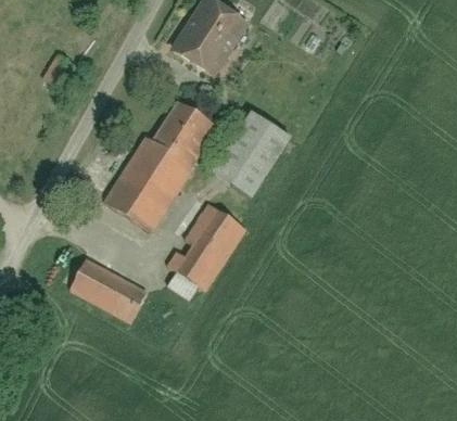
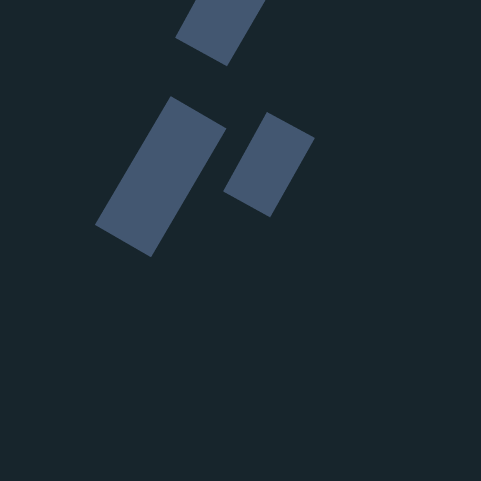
building: [172,206,243,289] -> none
building: [71,257,147,320] -> none

